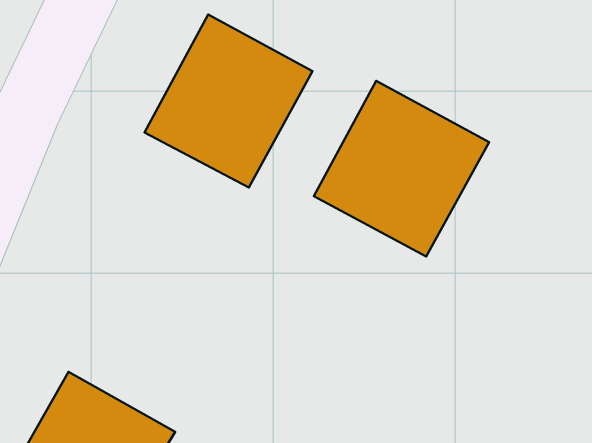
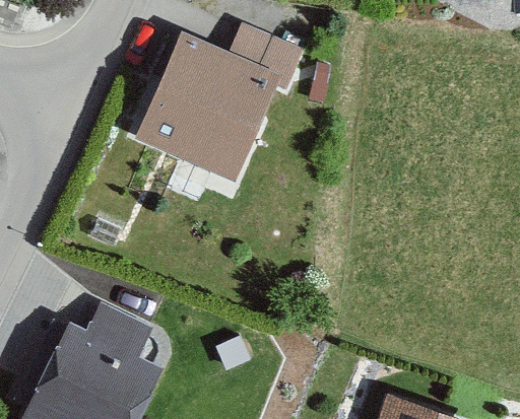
building: [314,81,489,256] -> none

